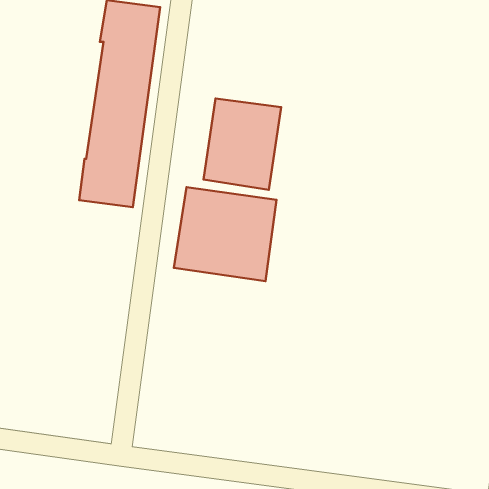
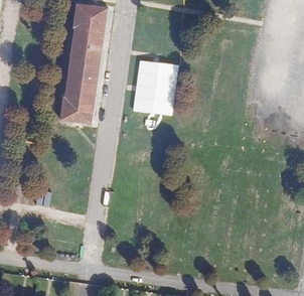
building: [174,187,276,281] -> none

